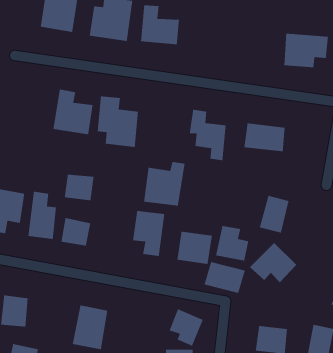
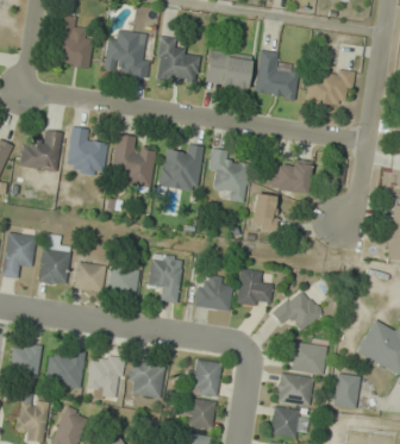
building: none -> [206,50,251,90]
building: none -> [254,50,299,99]
building: none -> [21,130,62,170]
building: [143,161,185,207] -> [160,144,204,192]
building: [64,174,94,201] -> [107,267,139,295]
building: [259,195,290,233] -> [249,193,281,233]
building: [204,261,246,294] -> [289,340,333,375]
building: none -> [46,346,86,388]
building: none -> [130,363,163,395]

